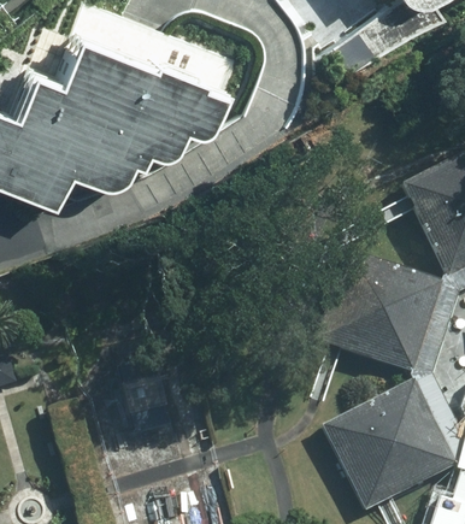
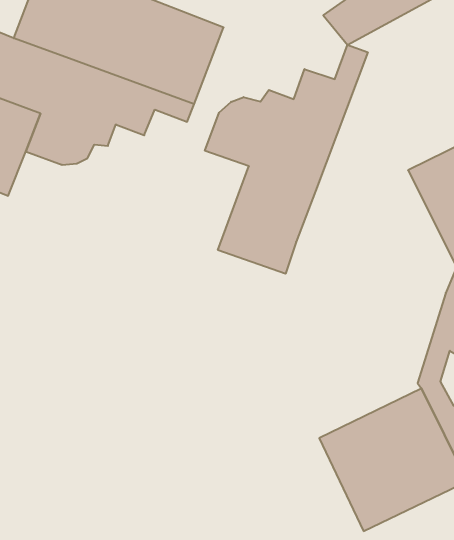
building: none -> [205,45,368,274]
building: [330,270,437,376] -> none

